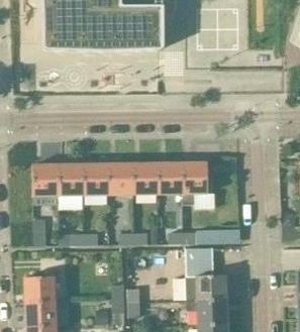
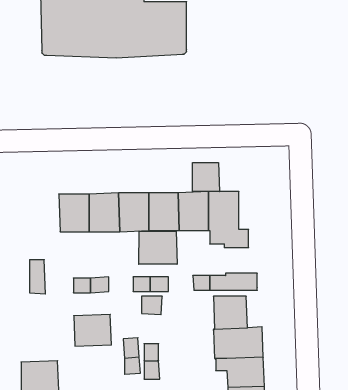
building: none -> [193,163,219,192]
building: [31,164,58,205] -> none
building: none -> [139,231,177,264]
building: [24,278,56,304] -> [74,314,111,346]

